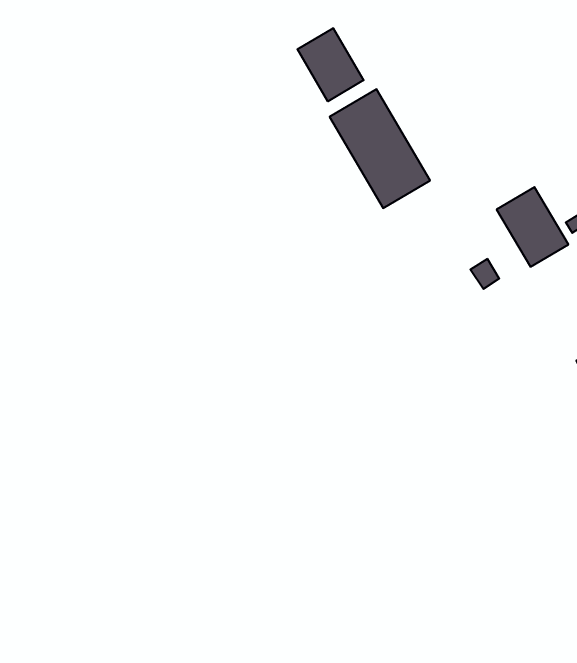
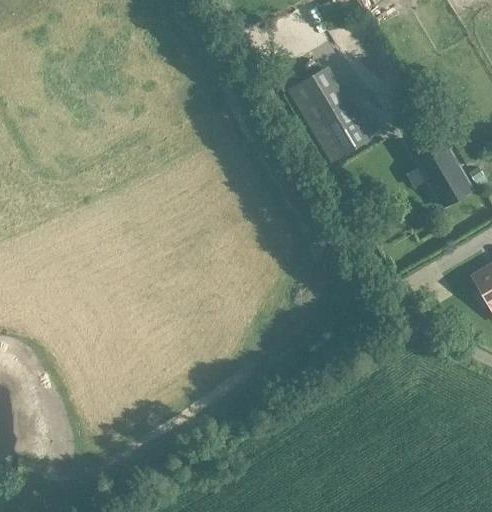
building: [297,28,364,101] -> none

